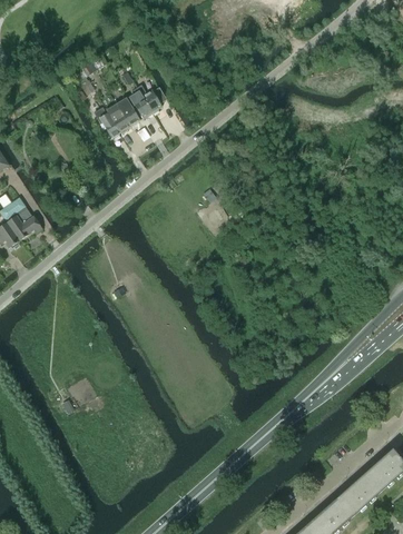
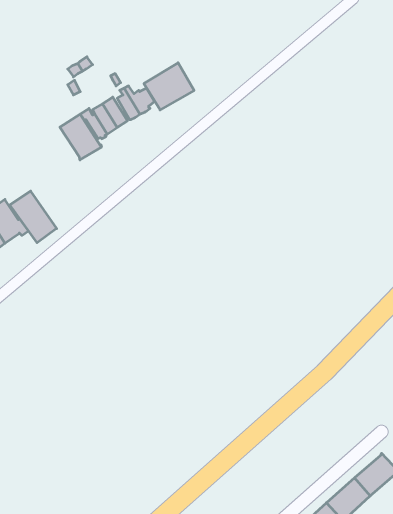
building: none -> [144,63,194,110]
building: none -> [60,114,101,160]
building: none -> [10,191,57,243]

